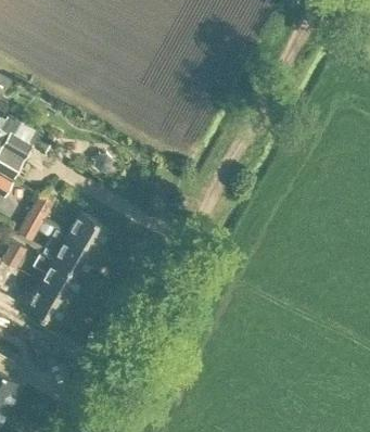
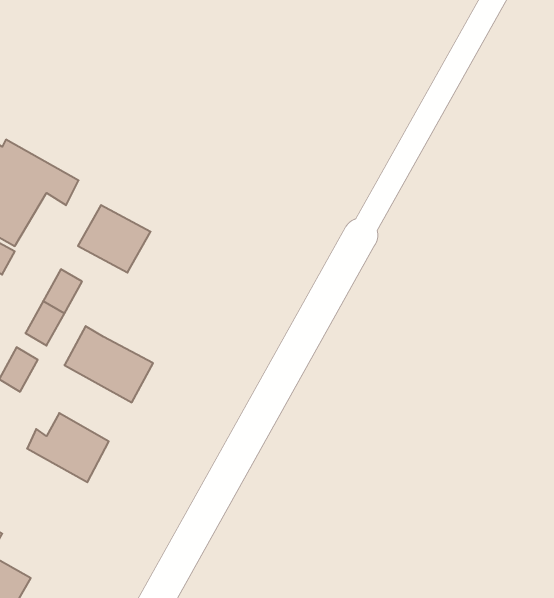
building: [66,211,111,252] -> [78,205,151,273]
building: [35,253,84,300] -> none

